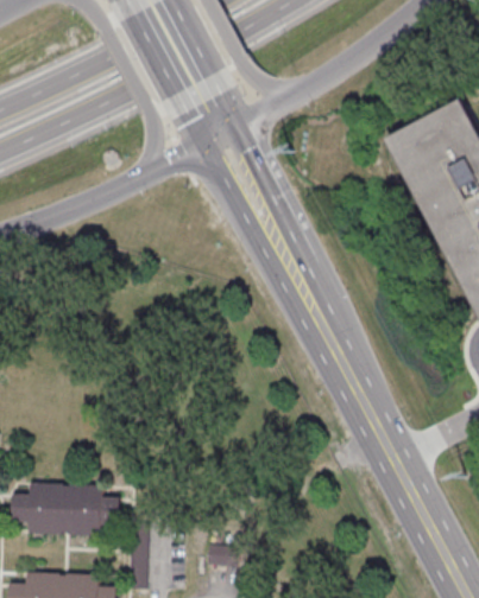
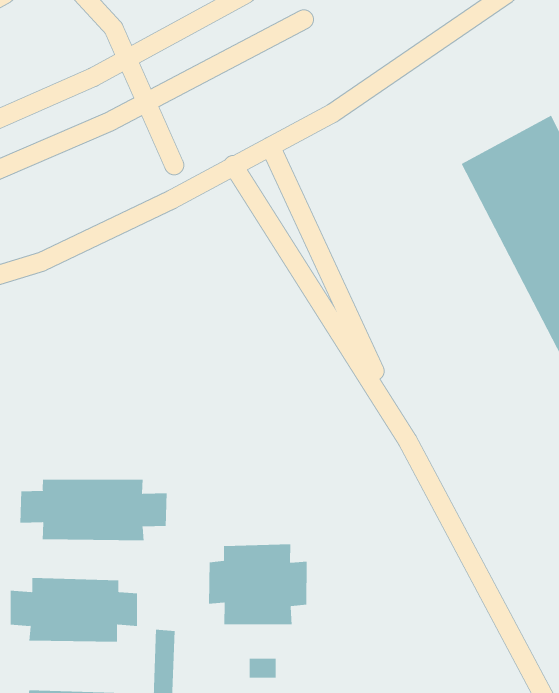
building: none -> [20,479,167,541]
building: none -> [209,544,307,625]

